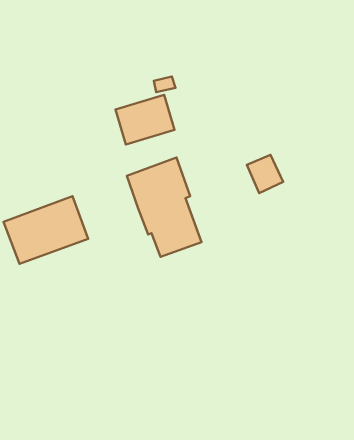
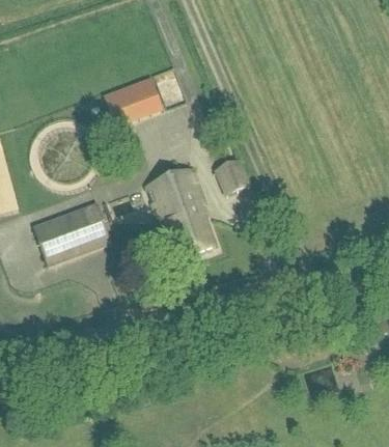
building: [116,95,174,144] -> [112,71,166,116]
building: [247,155,283,193] -> [215,160,248,195]

